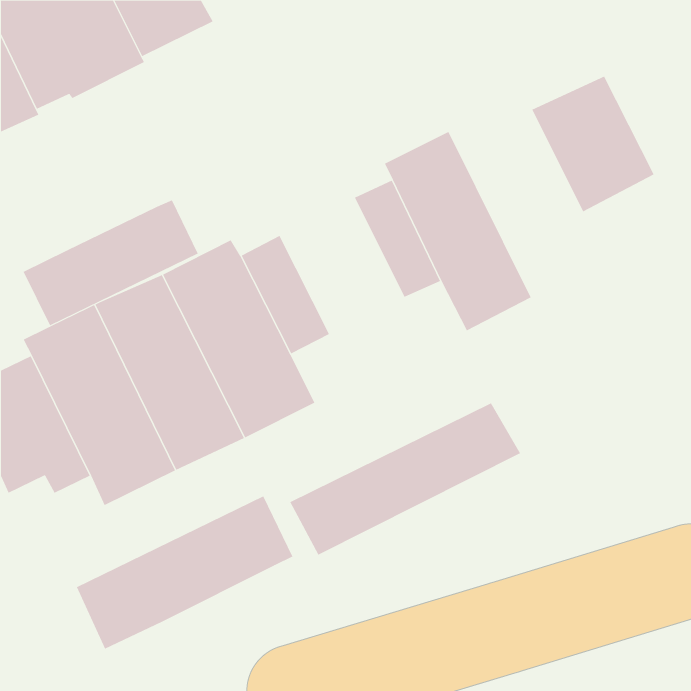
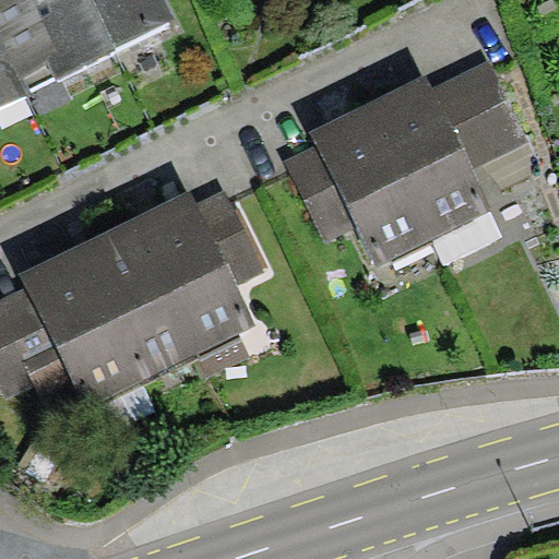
building: none -> [362,76,490,240]
building: [23,200,198,326] -> none
building: [290,402,521,556] -> none
building: [76,496,293,649] -> none

